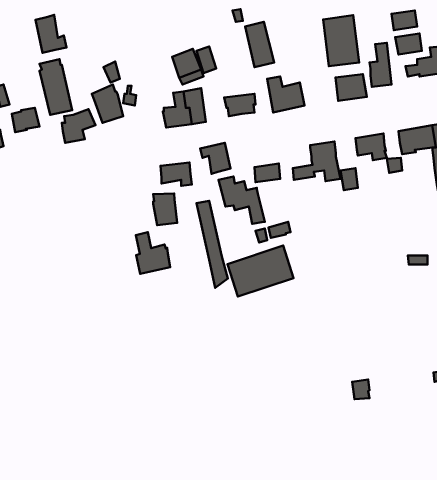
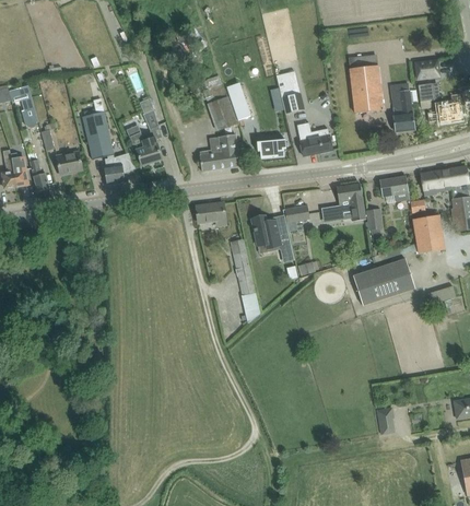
building: [35,15,66,53] -> none
building: [335,74,367,101] -> none
building: [200,143,231,174] -> none
building: none -> [412,215,444,254]
building: [153,193,177,225] -> none
building: [136,232,170,274] -> none
building: [227,246,294,297] -> [352,258,414,306]

